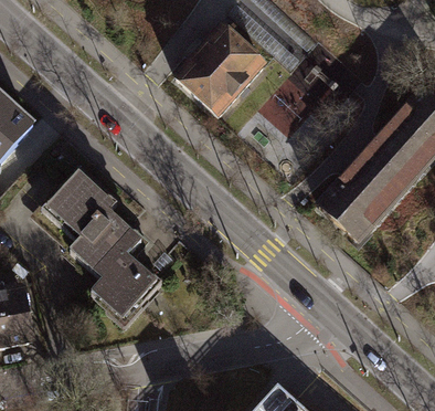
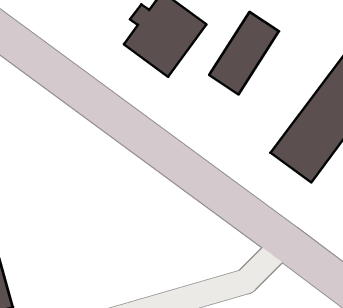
building: [41,167,161,323] -> none

